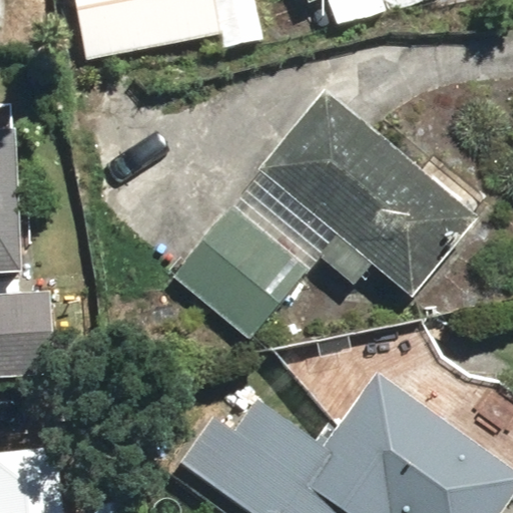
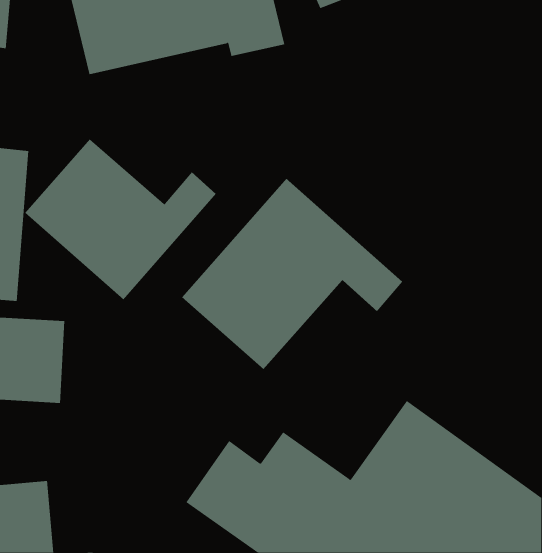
building: [265,91,479,298] -> none
building: none -> [24,138,217,300]

